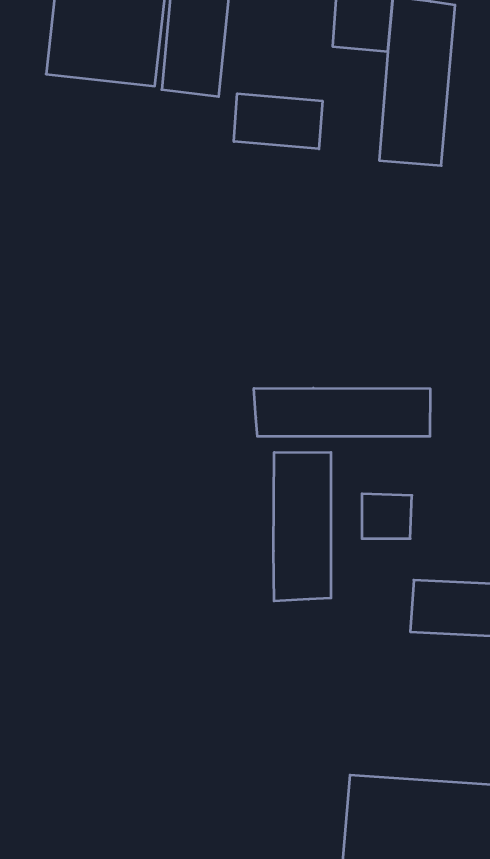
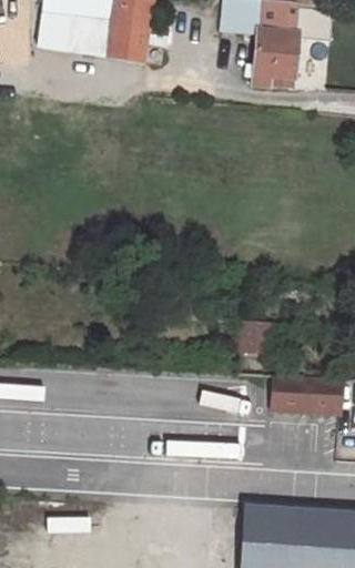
building: [234,94,322,149] -> none
building: [254,388,430,436] -> none
building: [274,452,331,601] -> none

